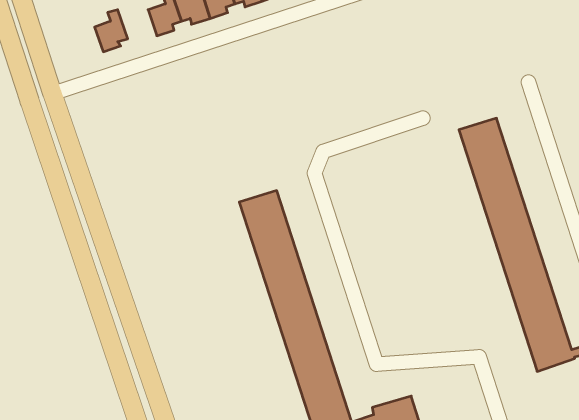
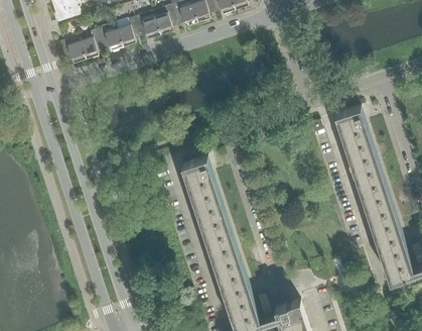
building: none -> [96,25,123,49]
building: none -> [58,37,86,61]

